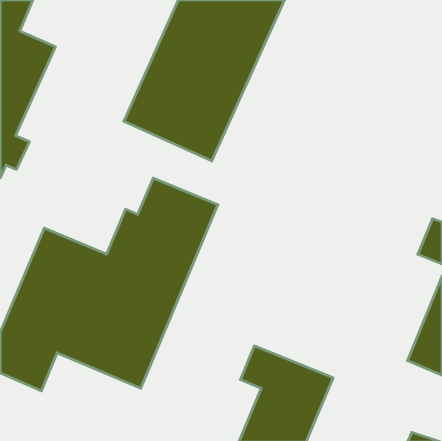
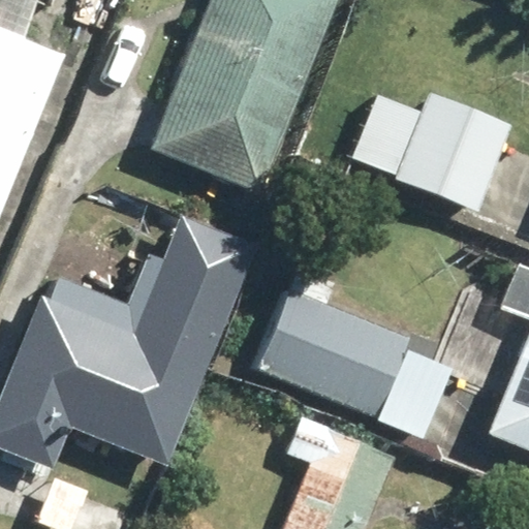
building: none -> [350,92,512,214]
building: none -> [253,285,448,437]

